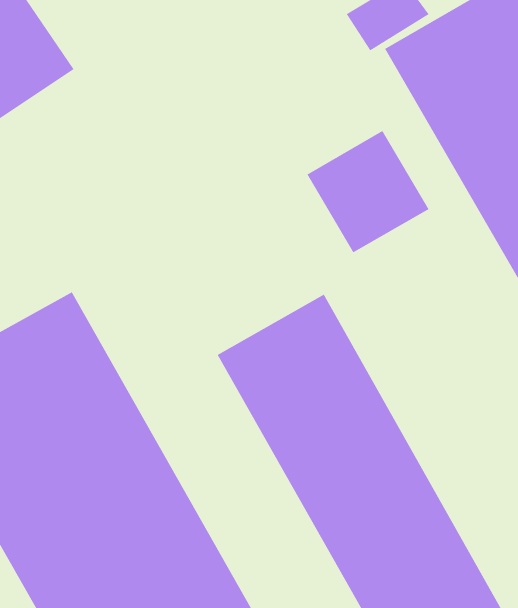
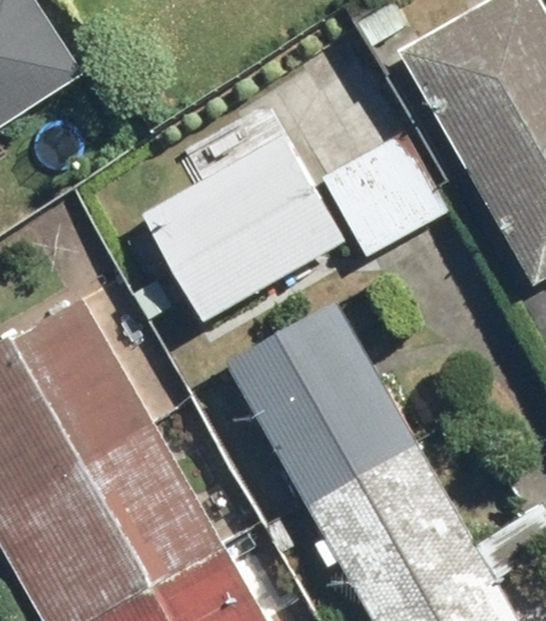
building: none -> [143,107,343,320]

